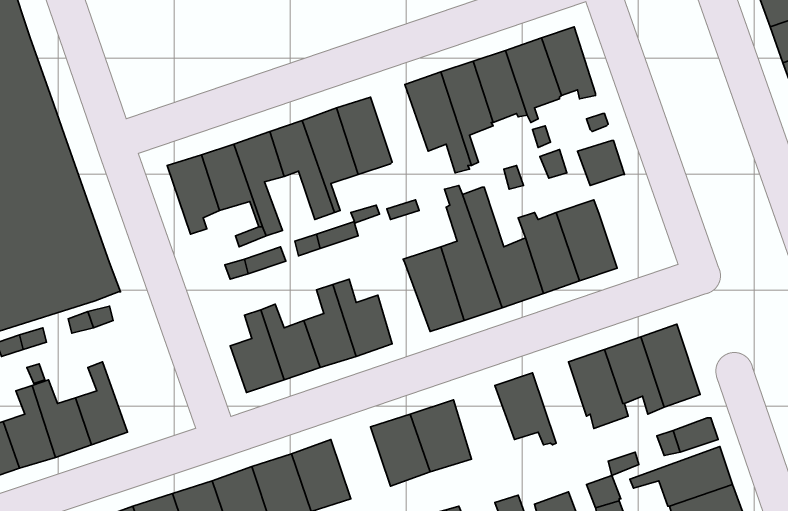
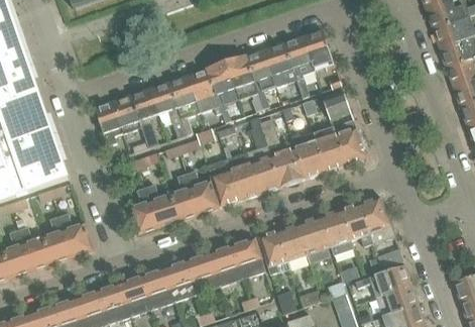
building: none -> [208,61,240,121]
building: none -> [336,119,366,164]
building: none -> [208,160,241,206]
building: none -> [57,213,93,255]
building: none -> [299,216,330,261]
building: none -> [257,229,288,272]
building: none -> [186,252,219,293]

